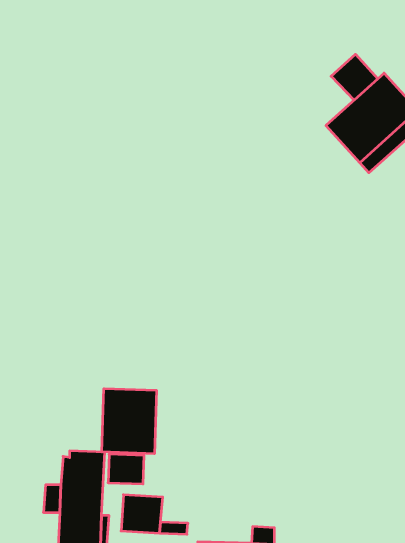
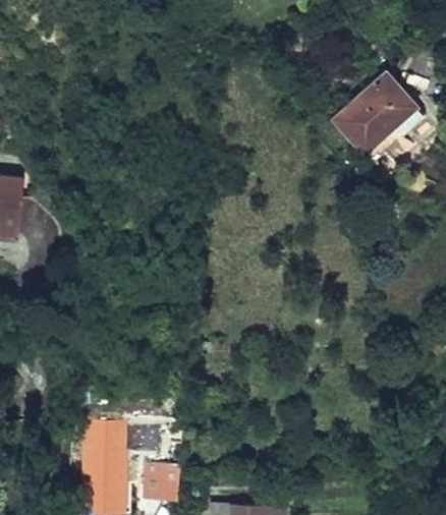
building: [331,54,378,100] -> none
building: [102,389,156,454] -> none

